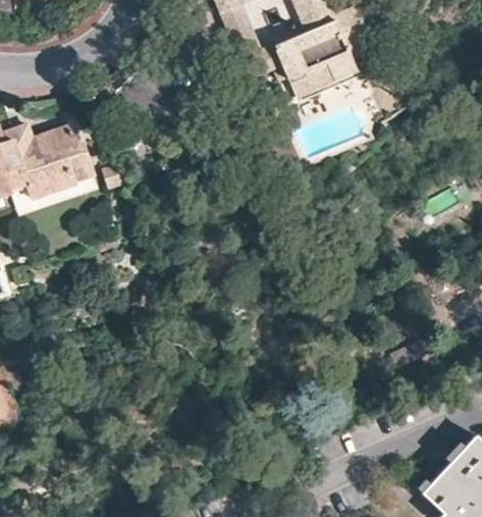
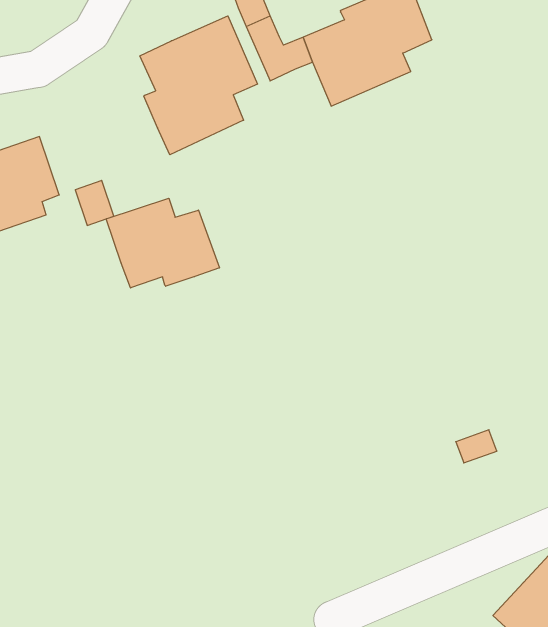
building: none -> [140,16,257,155]
building: none -> [106,198,219,288]

